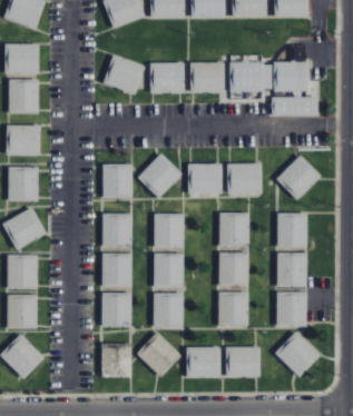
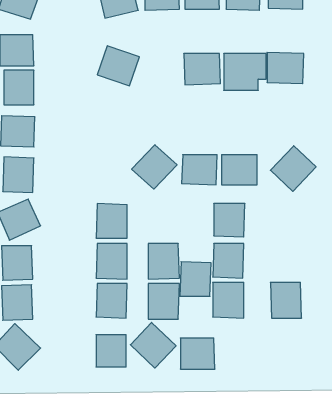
building: [149,62,184,93] -> none
building: [271,96,317,116] -> none
building: [102,164,134,198] -> none
building: [154,212,185,247] -> [180,262,211,296]
building: [277,212,307,247] -> none
building: [276,252,307,287] -> none
building: [274,330,321,377] -> none
building: [225,346,259,377] -> none

